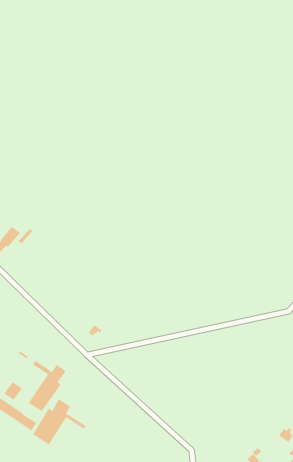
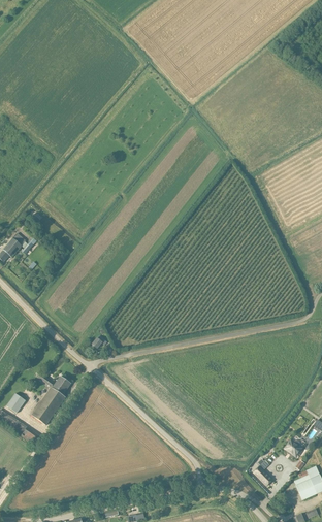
building: [33,399,86,445] -> none

